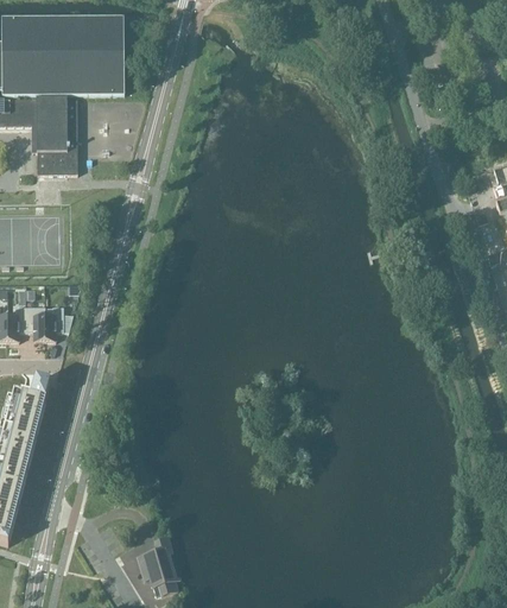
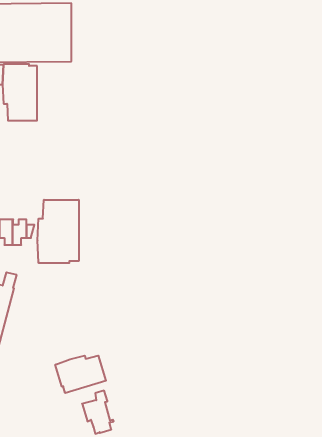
building: none -> [38,200,79,263]
building: none -> [55,356,106,393]

